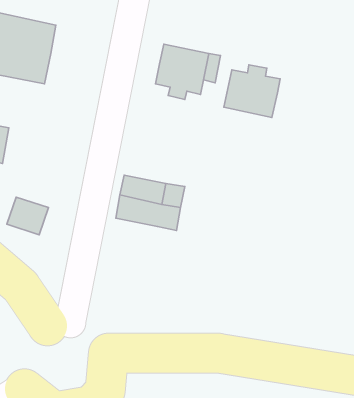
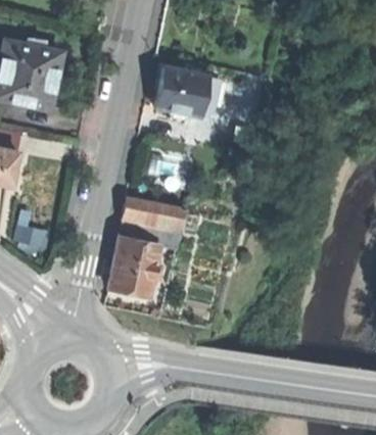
building: [224,65,280,117] -> none
building: none -> [108,239,161,296]

